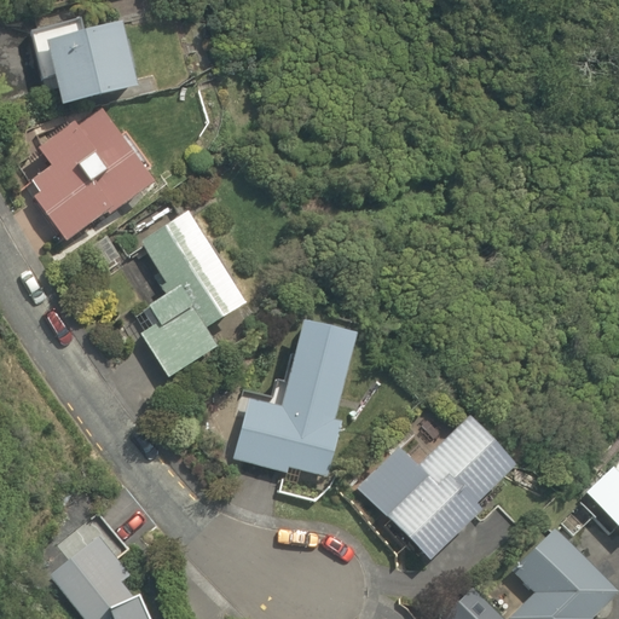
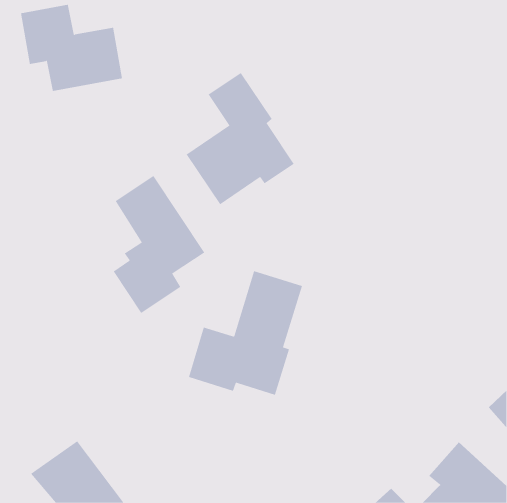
building: none -> [186,72,295,205]
building: [28,114,150,239] -> none
building: [349,422,513,561] -> none

